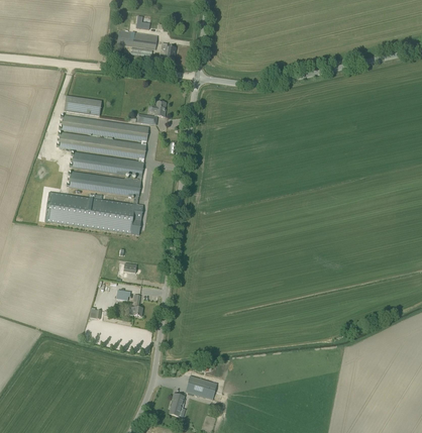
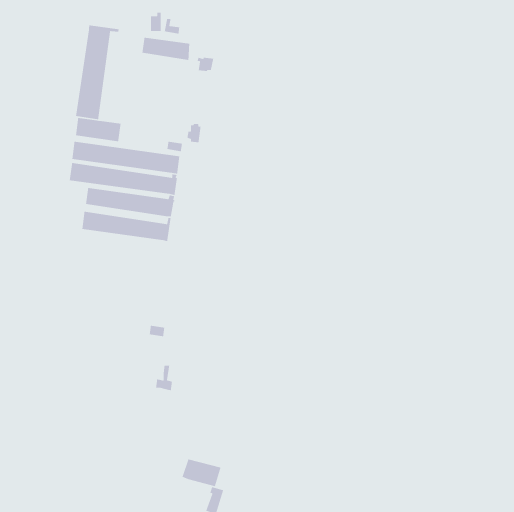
building: none -> [75,24,120,120]
building: [44,191,143,234] -> none
building: [185,375,217,399] -> [182,458,222,487]

